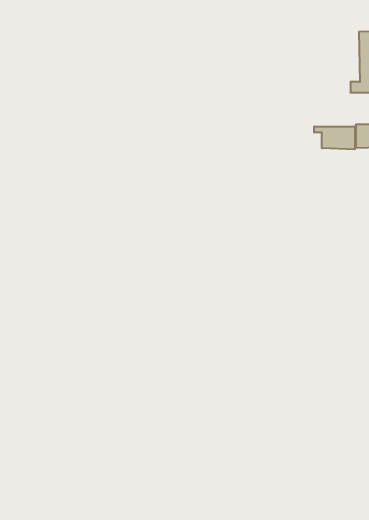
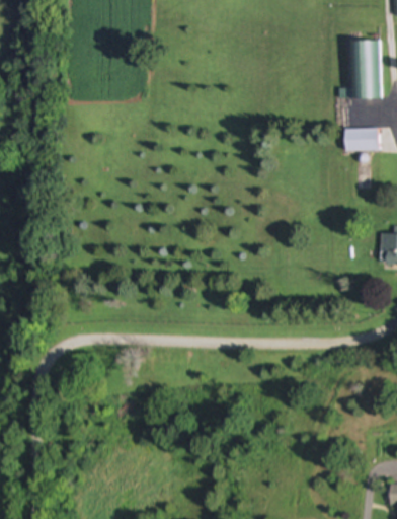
building: [314,126,355,149] -> none

